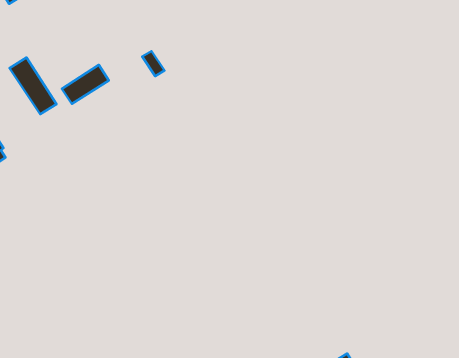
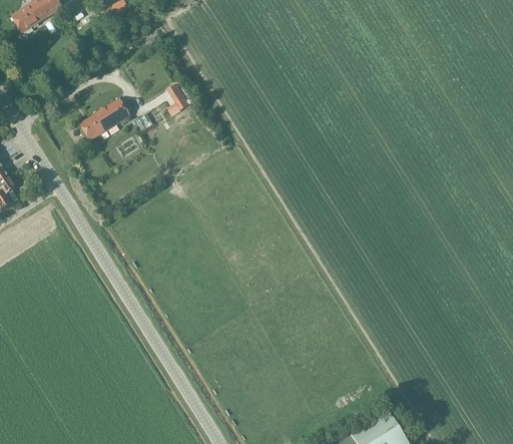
building: [10,57,56,114] -> none

